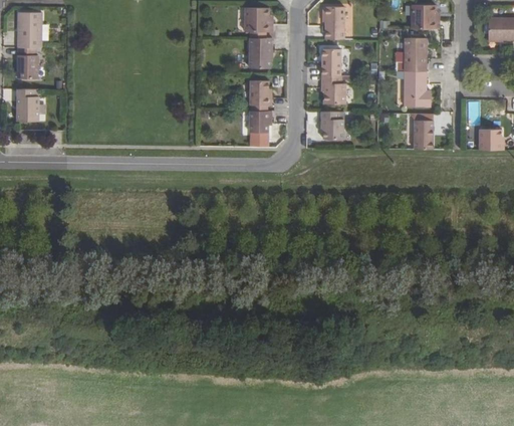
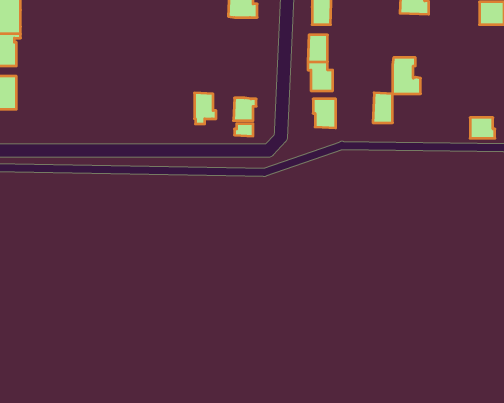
building: [248,38,271,68] -> none
building: [404,38,425,71] -> none
building: [249,80,270,111] -> [194,93,216,124]
building: [413,120,432,149] -> [373,93,393,123]

